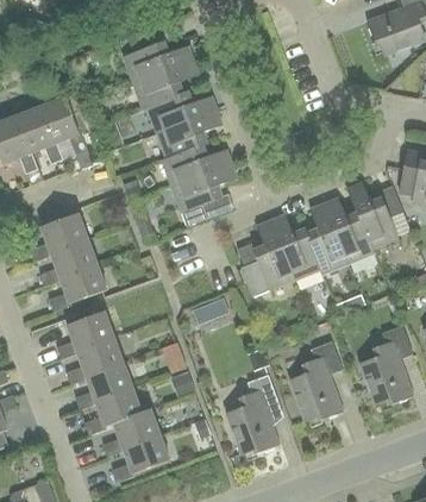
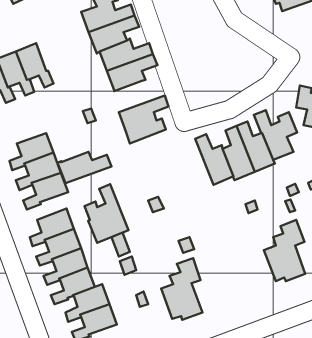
building: [161,145,231,186] -> [57,152,112,183]
building: [237,220,294,296] -> [84,184,128,243]
building: [289,341,343,420] -> none

